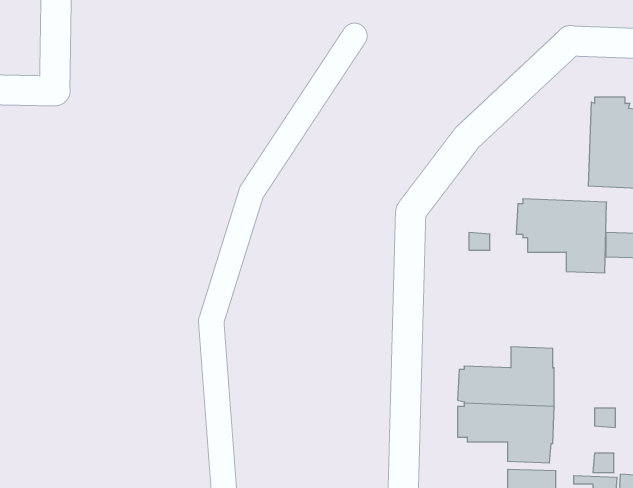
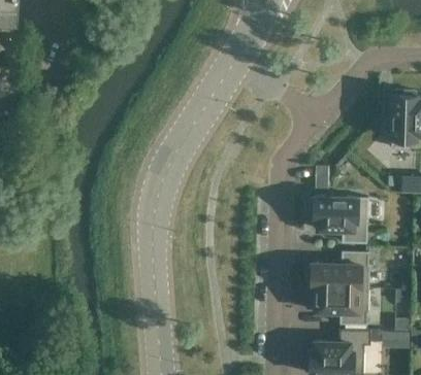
building: [516,199,607,273] -> [310,197,367,244]

